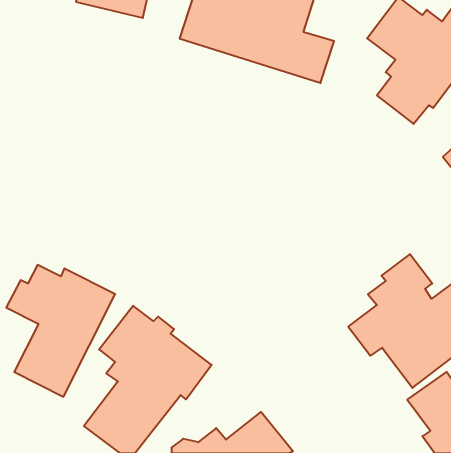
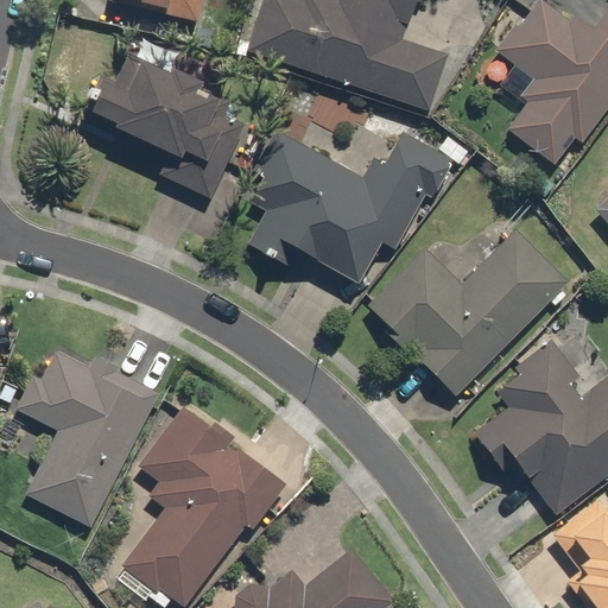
building: none -> [80,36,251,200]
building: none -> [243,128,455,286]
building: none -> [366,228,571,398]

